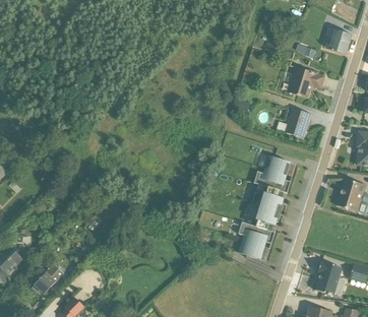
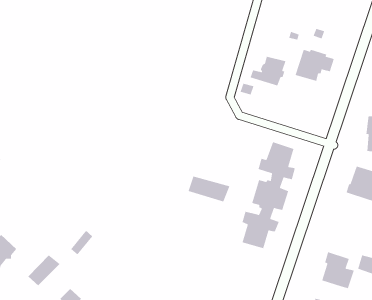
building: [325,26,353,54] -> none
building: [277,108,312,137] -> [249,56,286,86]
building: none -> [188,176,230,202]

